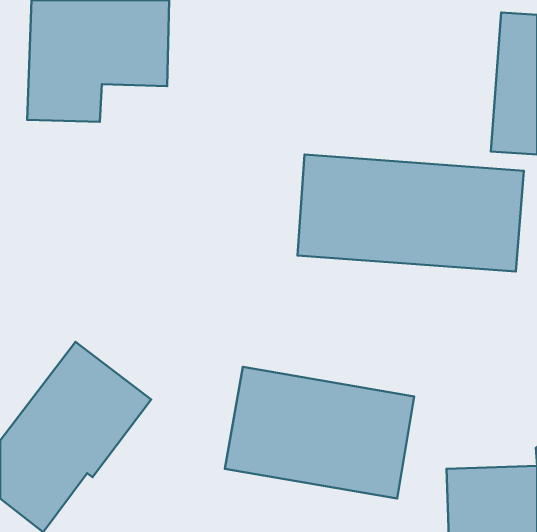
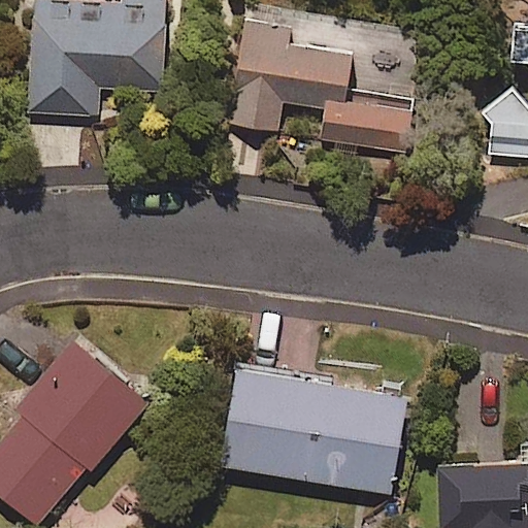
building: none -> [233,11,412,151]
building: [297,154,524,272] -> none

